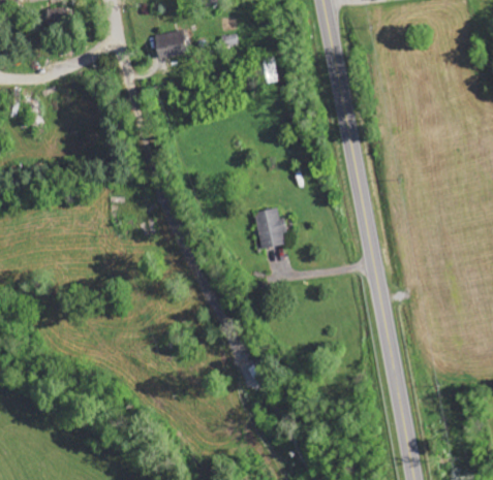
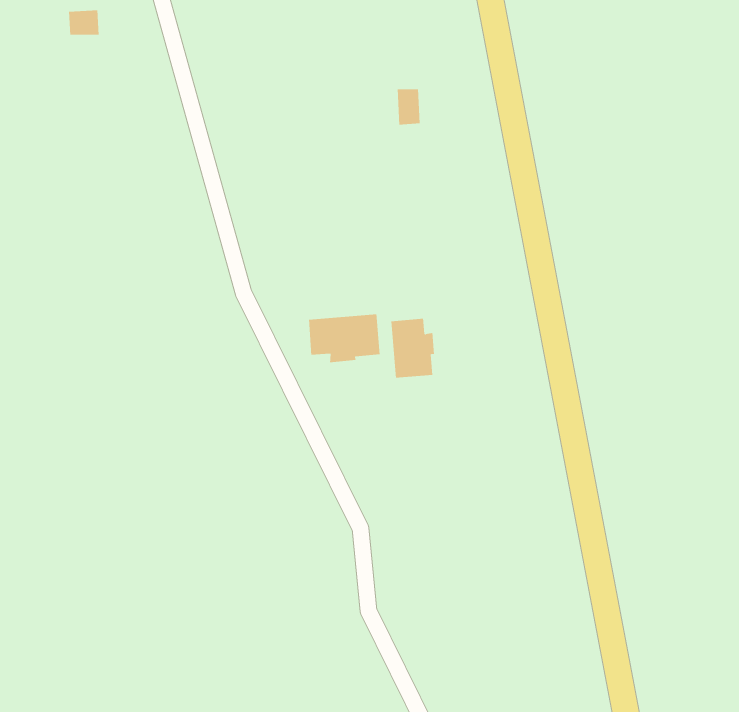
building: [153,29,187,58] -> none
building: none -> [308,314,380,363]

